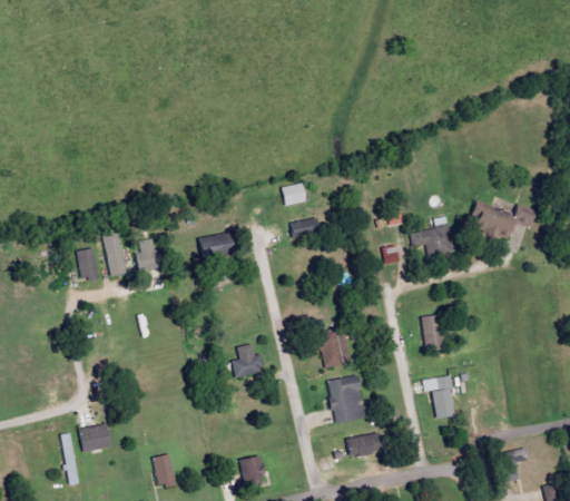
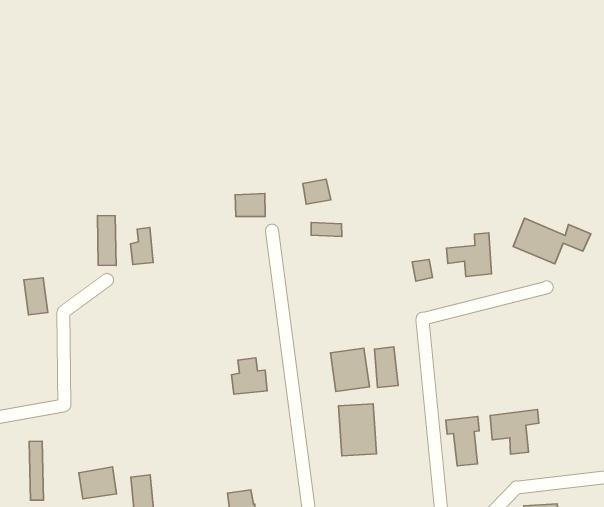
building: [199,234,227,256] -> [235,194,265,217]
building: [77,247,100,281] -> [24,278,48,315]
building: [422,314,445,351] -> [374,347,398,388]
building: none -> [490,410,539,454]
building: [79,423,114,453] -> [79,467,116,499]
building: [347,438,382,461] -> none

